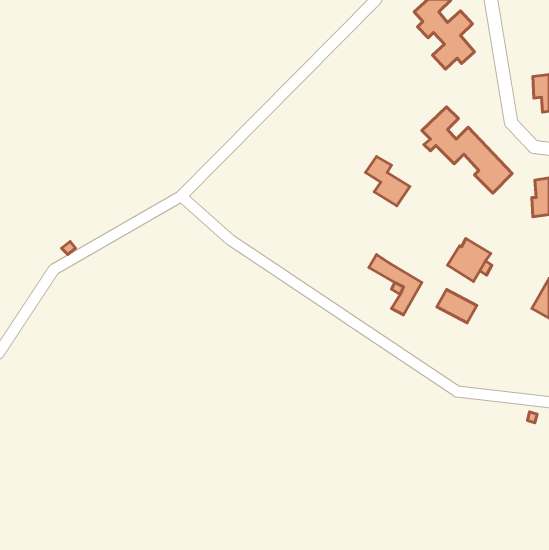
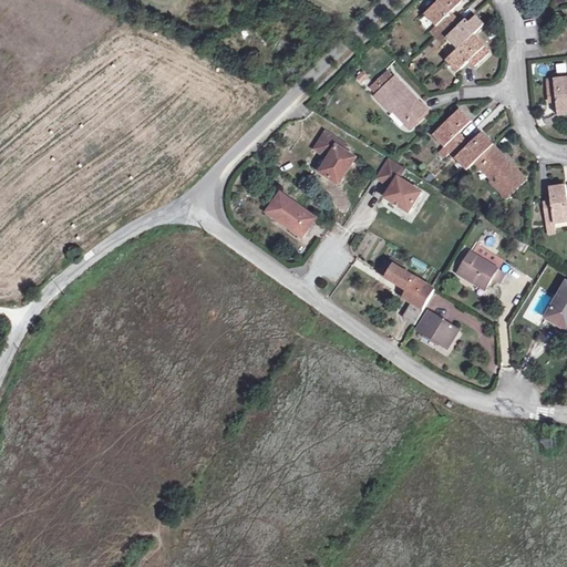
building: none -> [371,71,427,127]
building: none -> [315,131,355,182]
building: none -> [265,189,313,234]
building: [437,289,477,323] -> [417,312,458,347]

